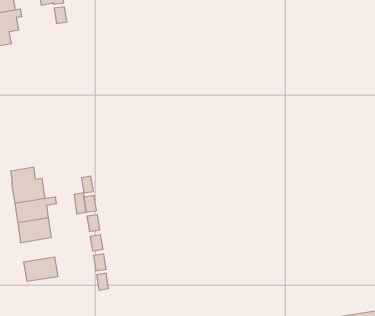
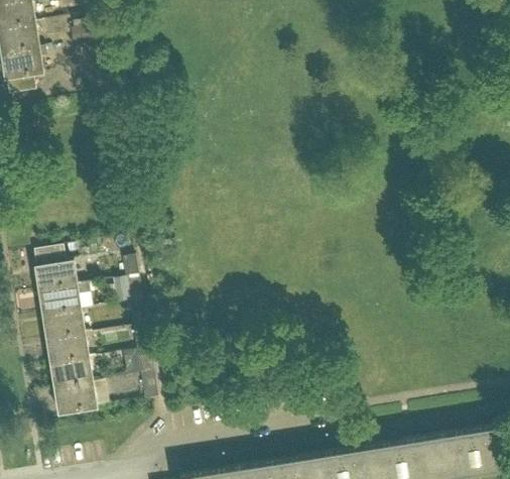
building: none -> [46,338,90,369]
building: none -> [54,387,98,418]

